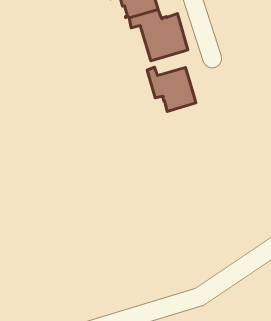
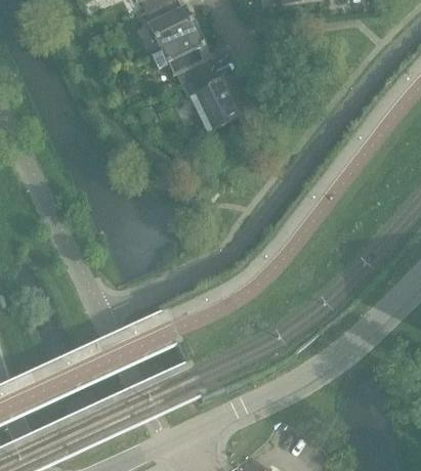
building: [147,67,196,112] -> none

